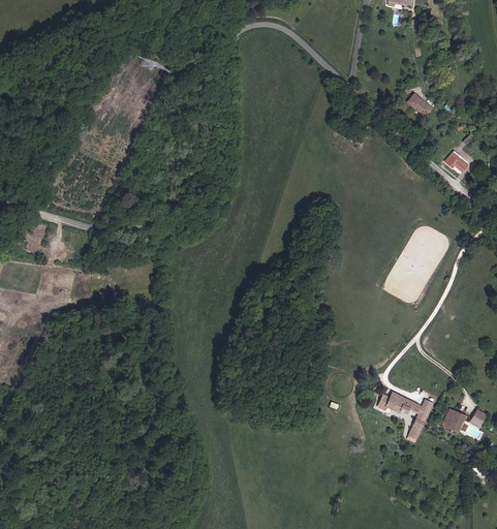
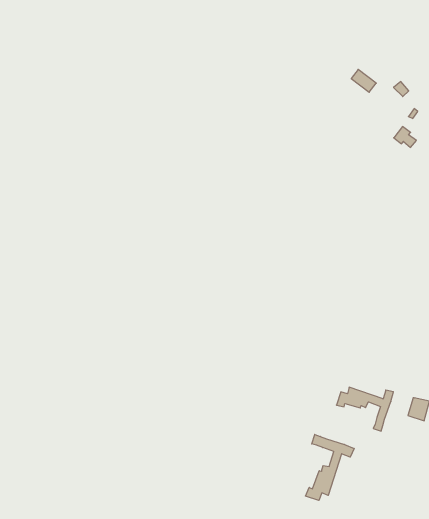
building: none -> [306,434,354,500]

